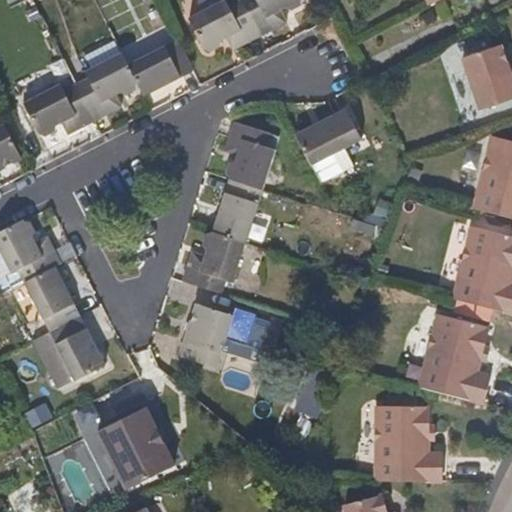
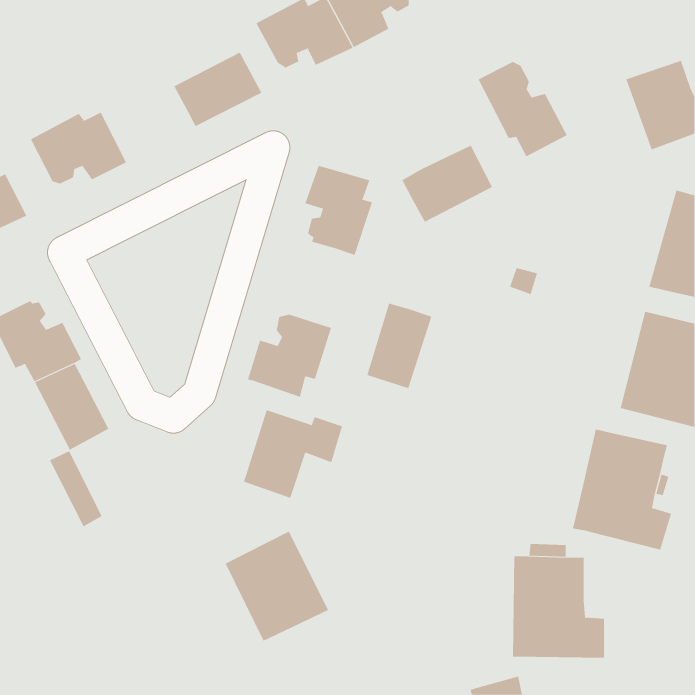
building: none -> [478,61,568,157]
building: [74,50,136,119] -> none
building: [212,177,260,240] -> [367,303,432,389]
building: [51,314,105,378] -> none
building: [97,405,173,486] -> [225,531,329,641]

